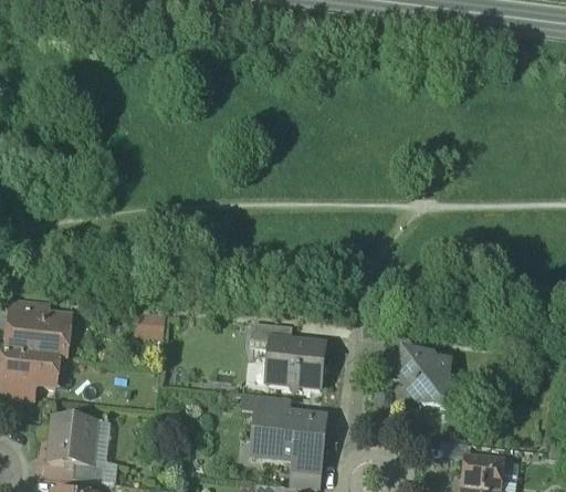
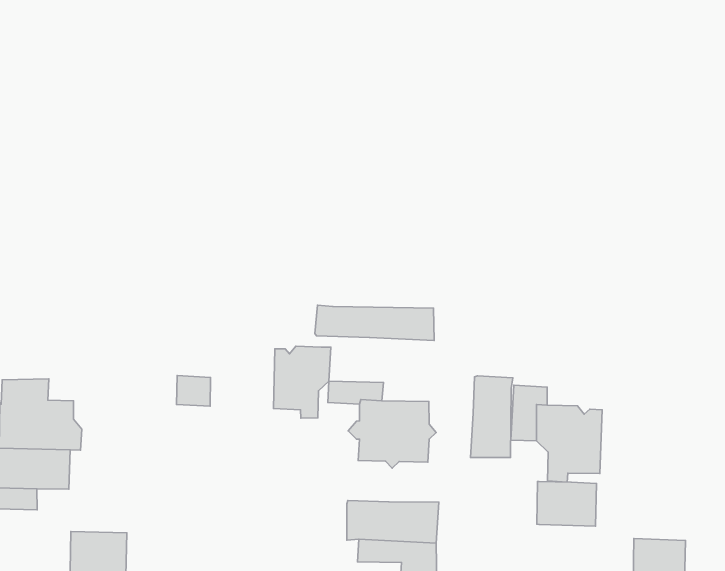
building: none -> [315,305,434,340]
building: none -> [274,346,331,418]
building: none -> [471,376,513,457]
building: [249,392,291,414] -> none
building: none -> [537,481,596,526]

